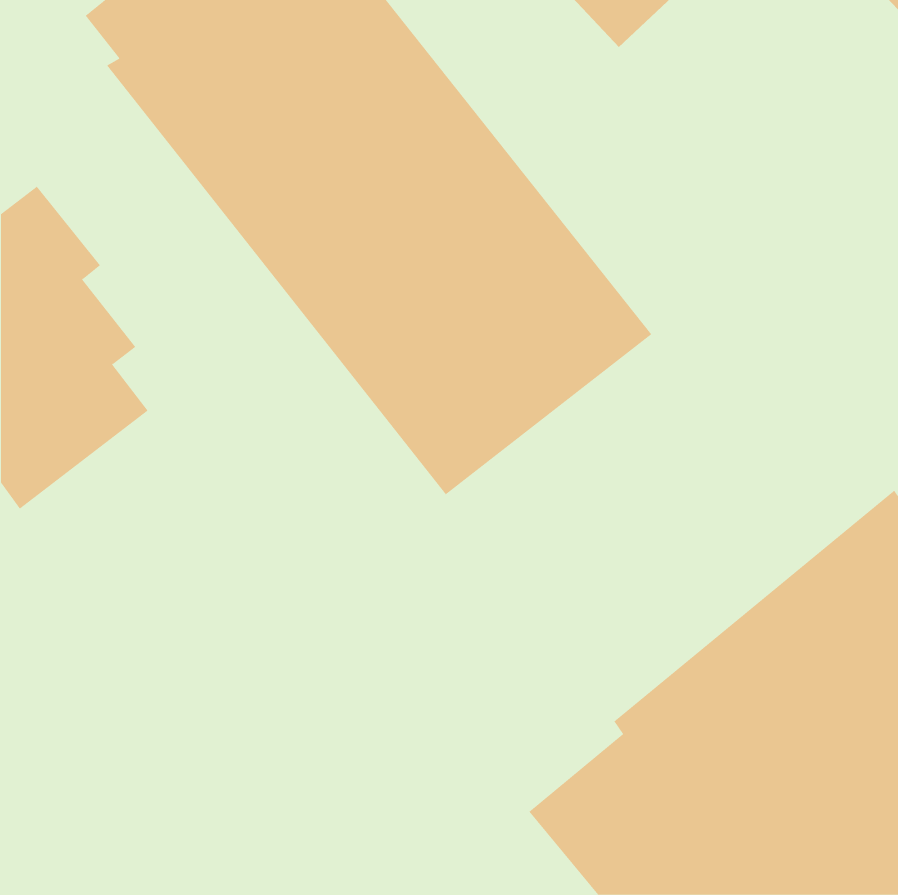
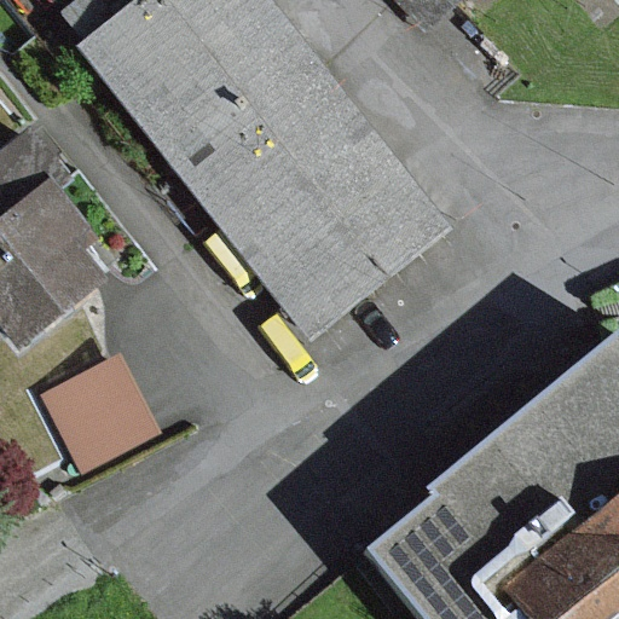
building: none -> [40,352,161,472]

